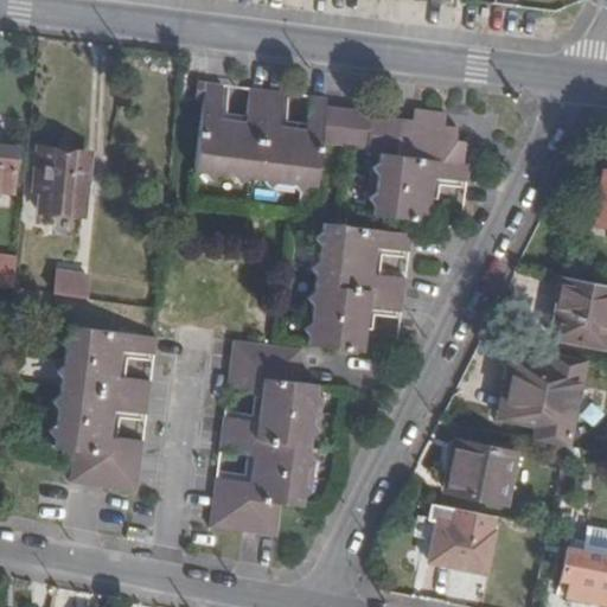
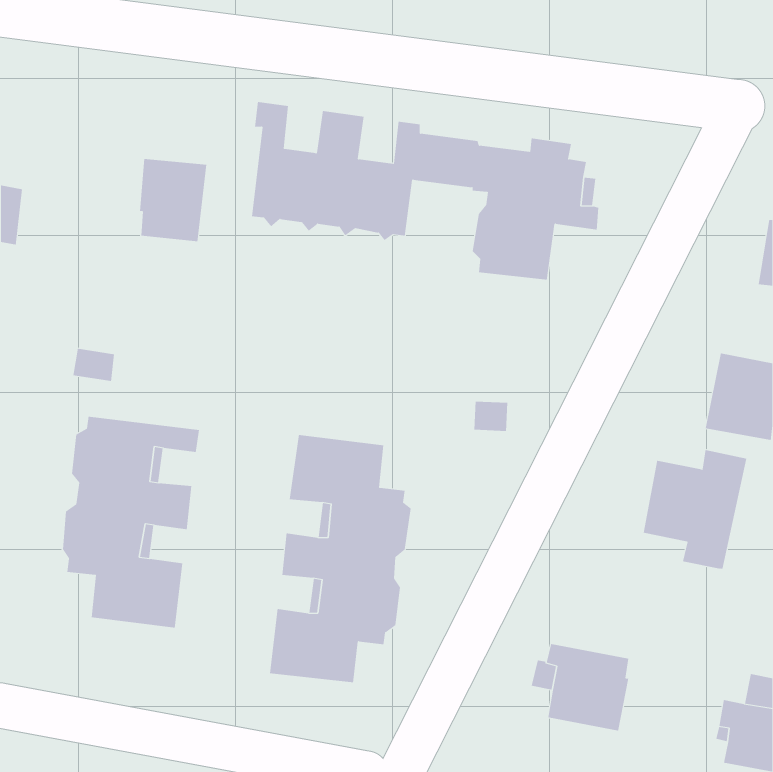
building: [38,151,91,216] -> [139,159,207,242]
building: [302,223,410,351] -> none
building: [446,441,515,504] -> none

